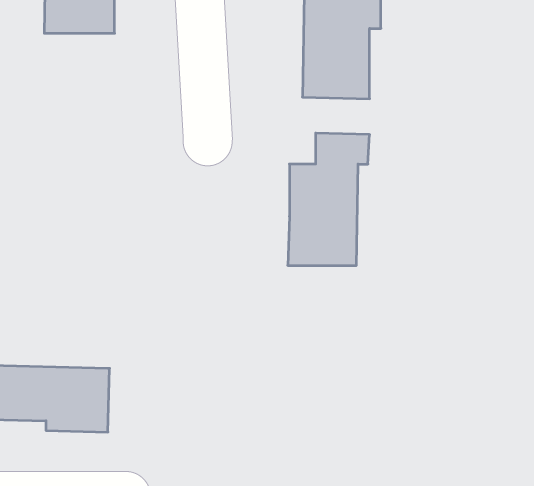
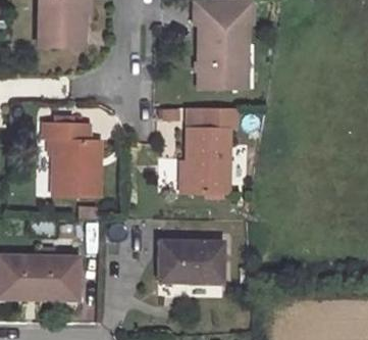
building: none -> [45,124,100,198]
building: none -> [163,240,227,280]

